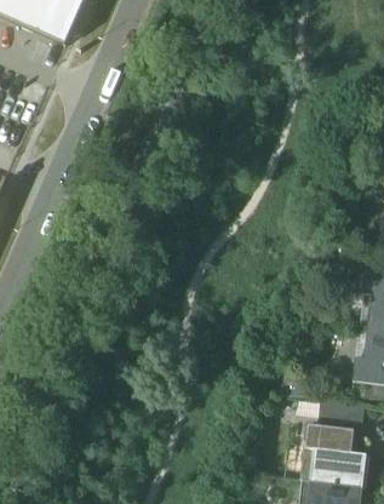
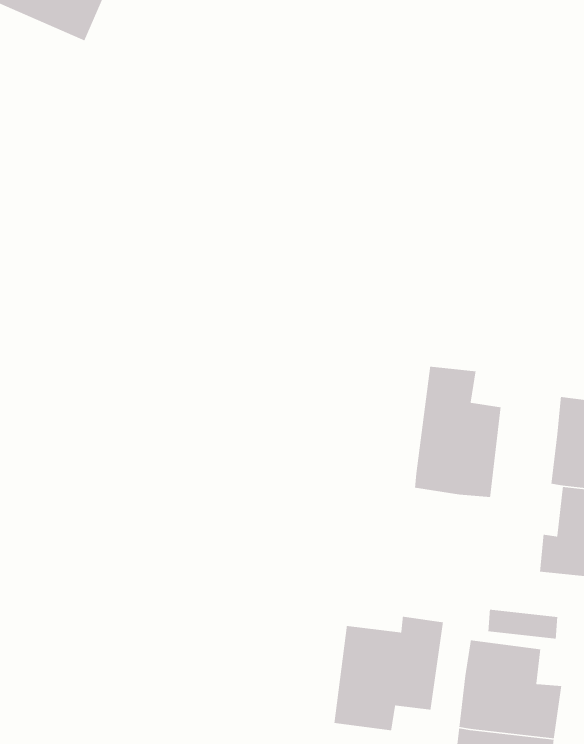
building: none -> [414,366,501,498]
building: none -> [334,616,444,731]

